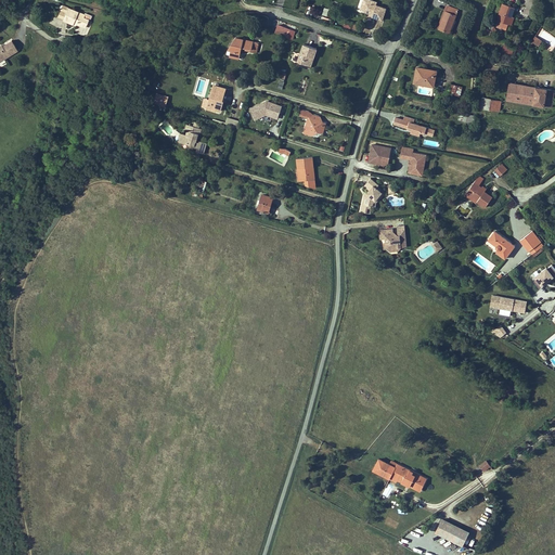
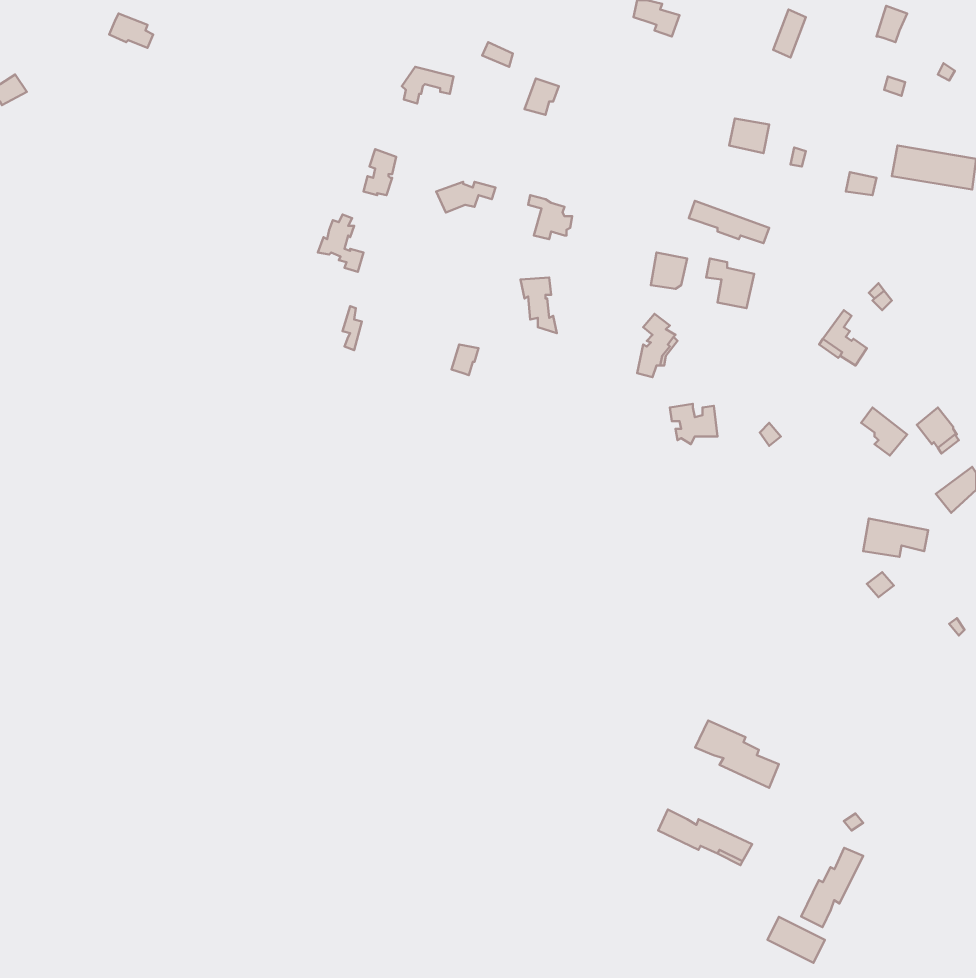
building: none -> [695,720,779,788]
building: none -> [801,848,863,927]

